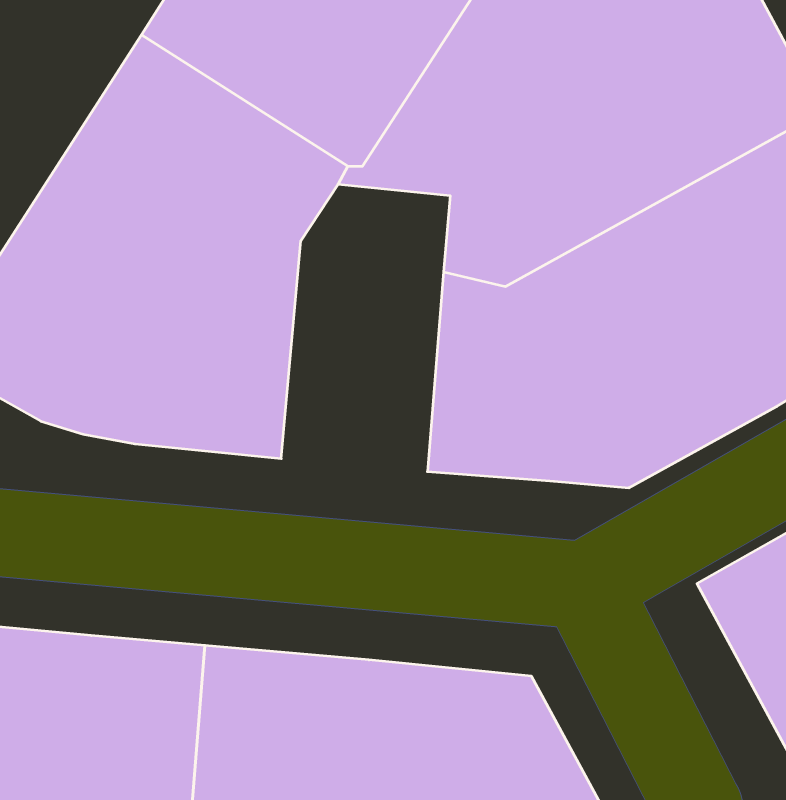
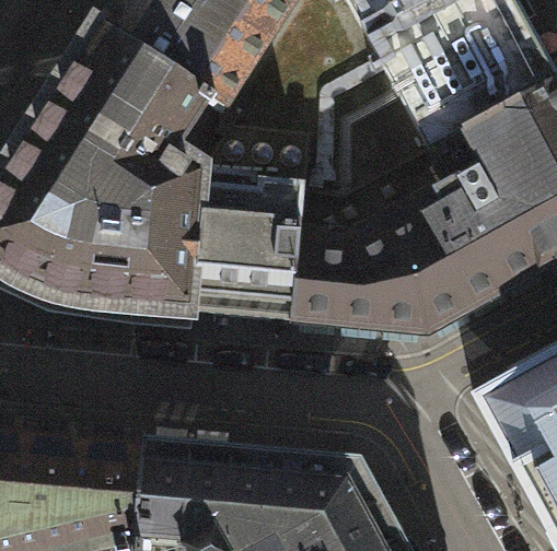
building: none -> [195,130,309,324]

